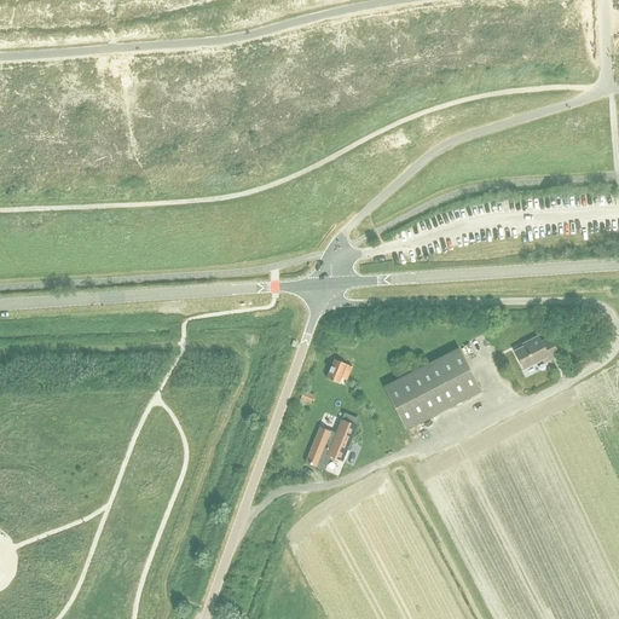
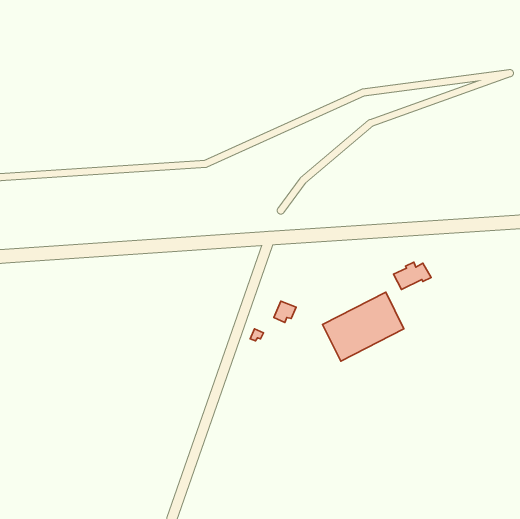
building: [514,335,559,368] -> [393,262,431,290]
building: [303,418,357,464] -> none

